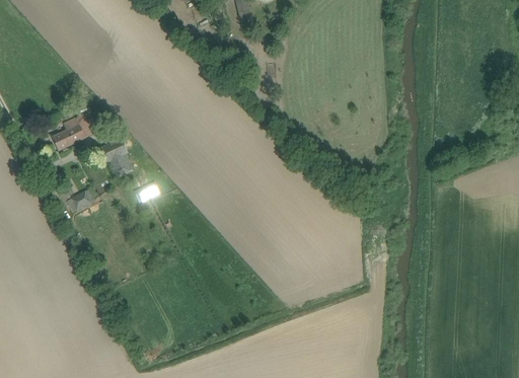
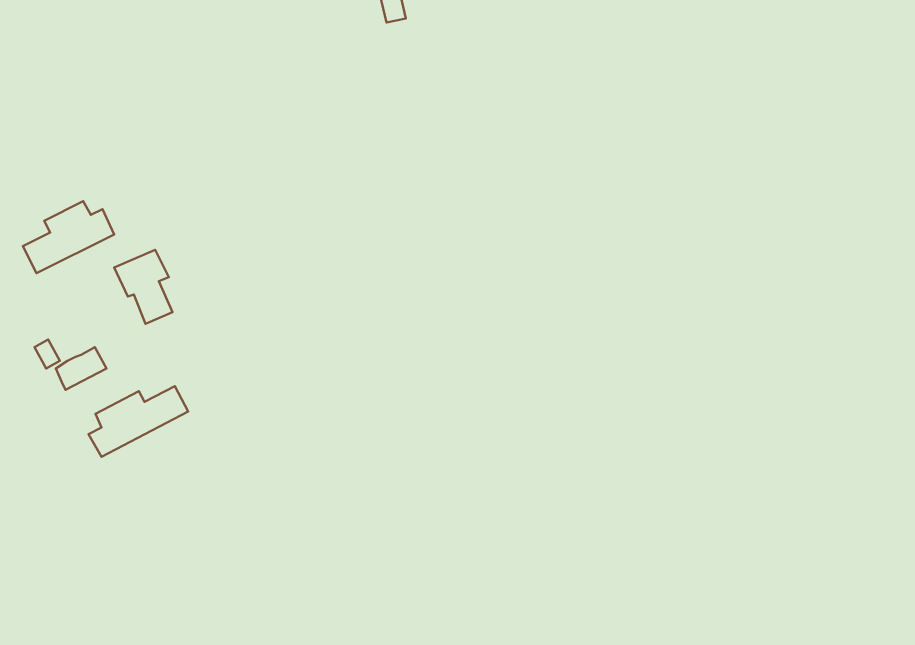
building: none -> [88,386,188,457]

